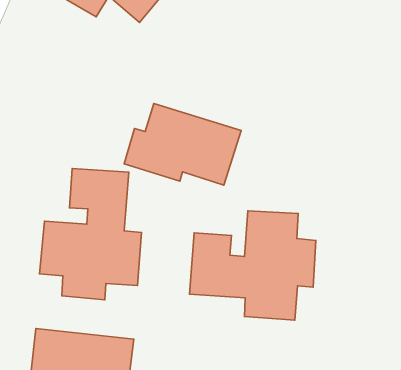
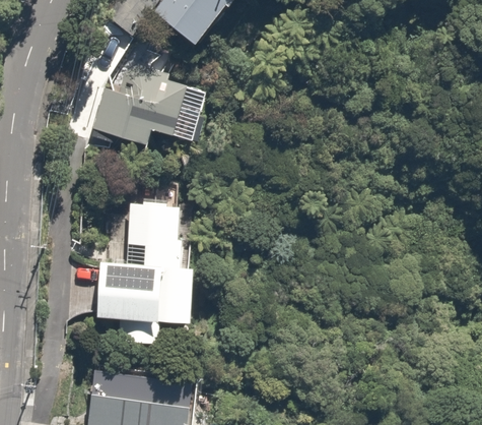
building: [124,104,241,185] -> [91,63,215,149]
building: [189,211,316,320] -> none

